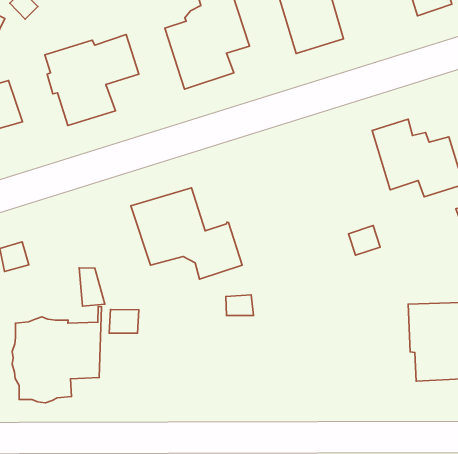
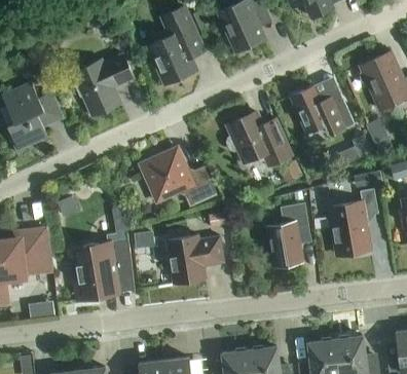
building: none -> [227,112,291,166]
building: none -> [267,203,310,266]
building: none -> [165,235,225,284]

